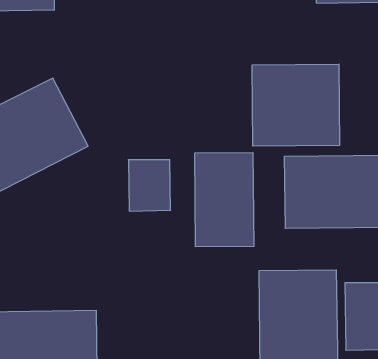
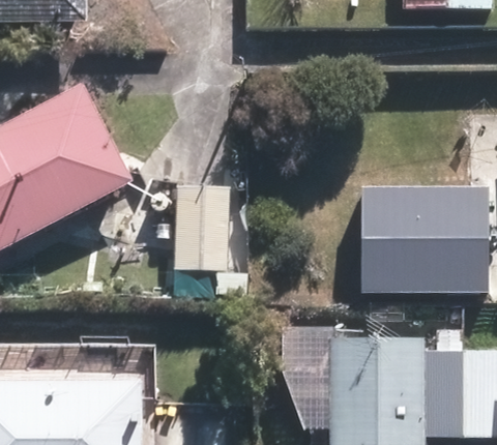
building: [252,64,339,146] -> none
building: [195,153,254,247] -> none

